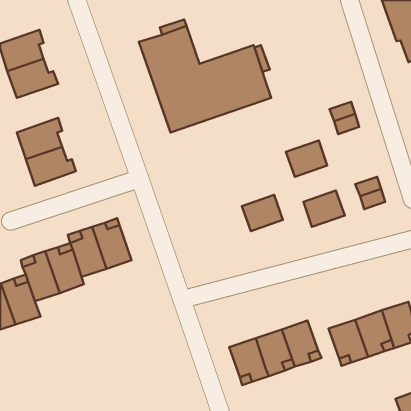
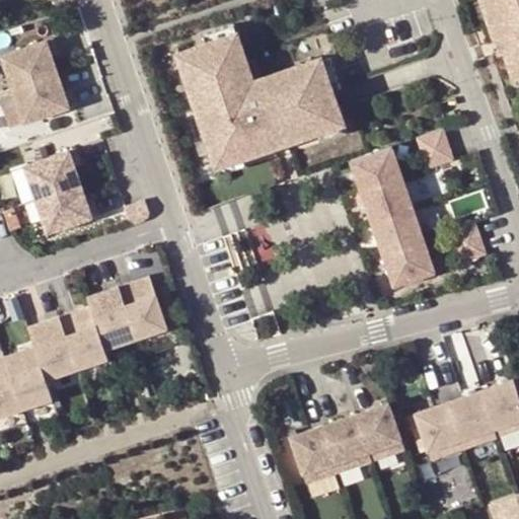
building: none -> [351,147,402,193]
building: [242,195,283,231] -> [372,210,424,255]

